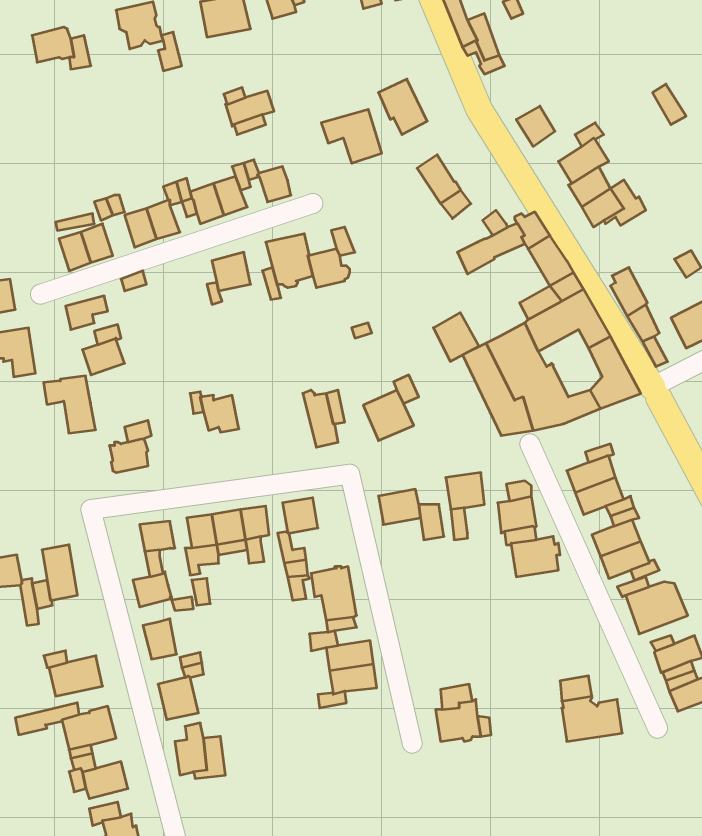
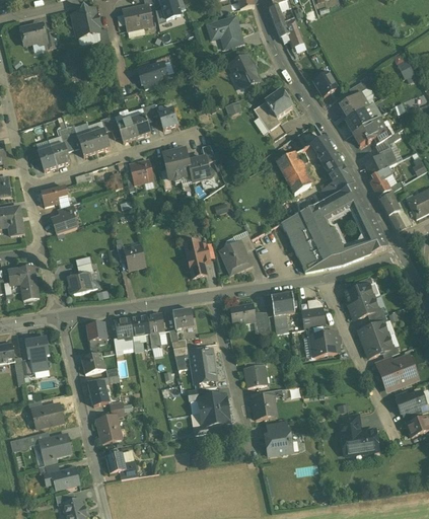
building: [321,109,382,163] -> [207,15,243,48]
building: none -> [266,89,292,117]
building: none -> [365,146,397,173]
building: [433,313,479,361] -> [284,163,311,193]
building: [44,376,96,433] -> [8,265,40,299]
building: none -> [244,364,267,386]
building: none -> [253,395,275,418]

